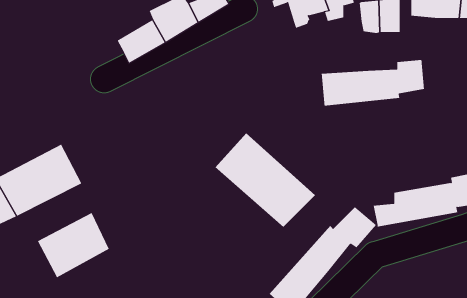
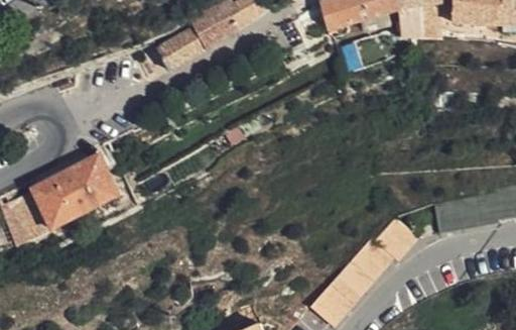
building: [321,59,424,106] -> none
building: [214,132,316,228] -> none
building: [37,212,110,278] -> none

